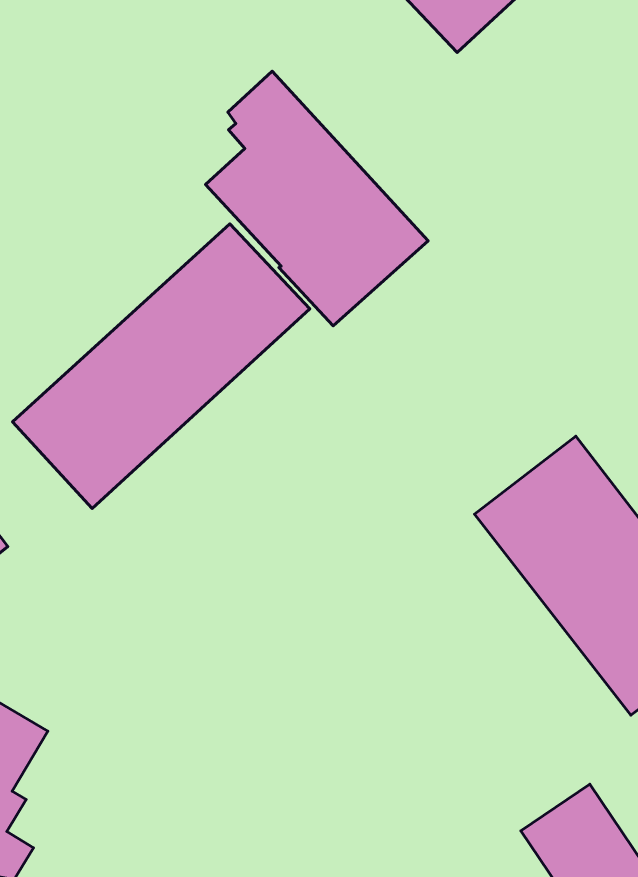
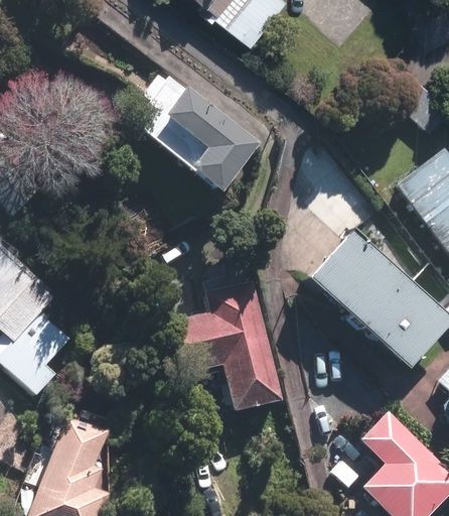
building: [12,224,310,509] -> none
building: none -> [165,279,284,411]

